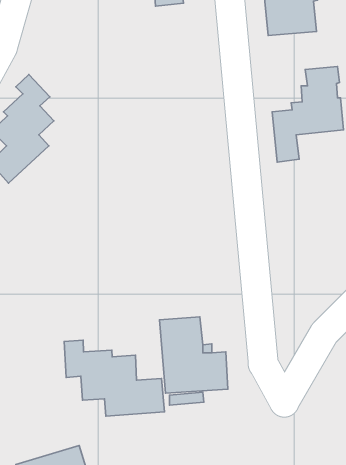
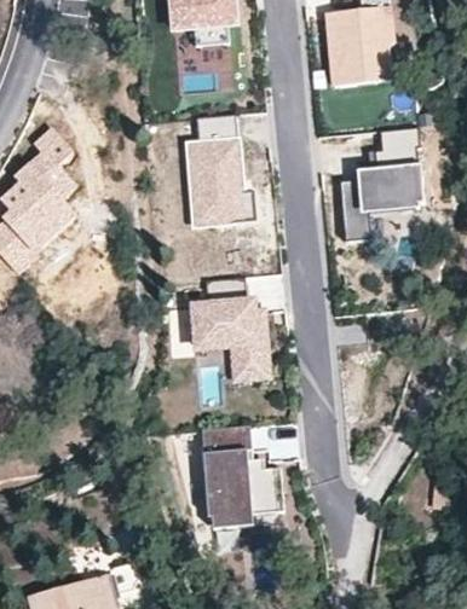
building: none -> [189,116,256,226]
building: none -> [195,275,267,378]
building: [64,340,165,416] -> none

